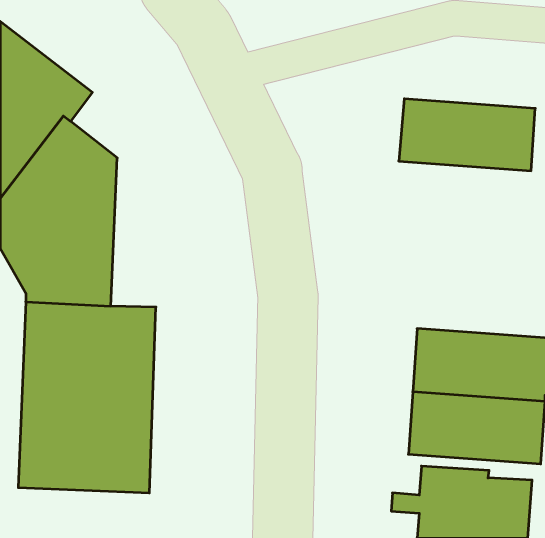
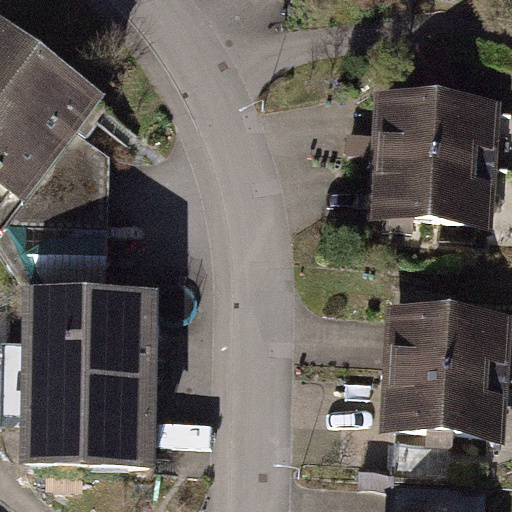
building: none -> [371,151,498,218]

